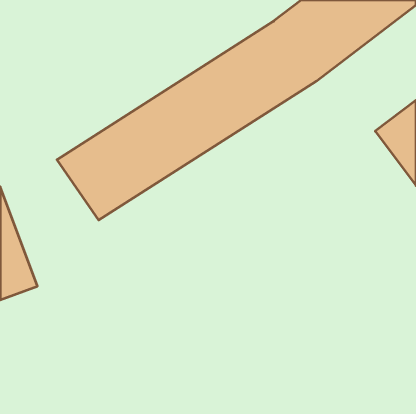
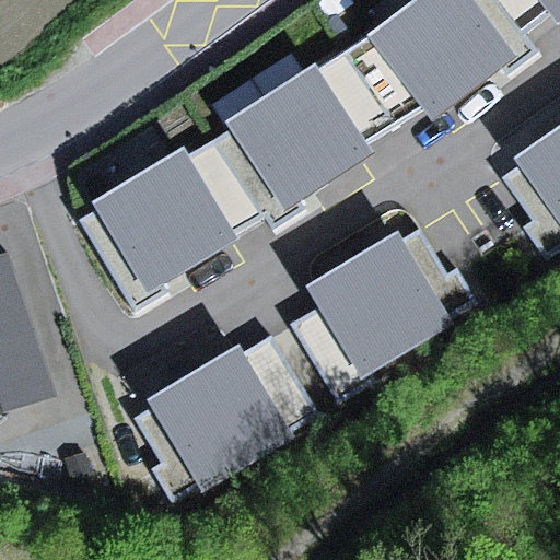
building: none -> [285,233,468,395]
building: none -> [133,335,316,497]

